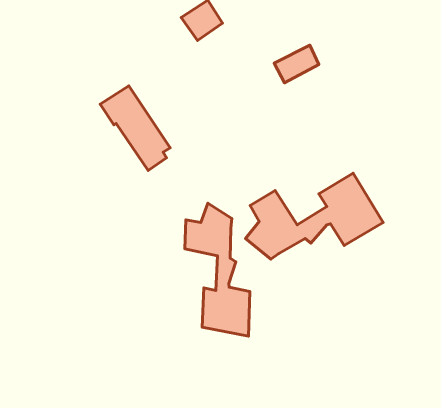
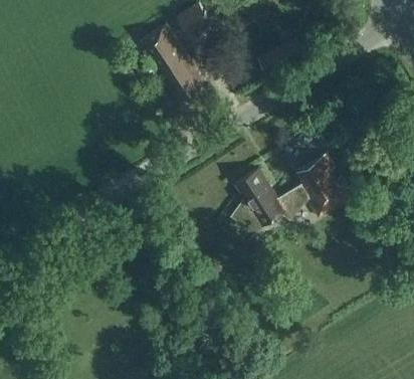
building: [100,86,170,171] -> [142,24,203,99]
building: [185,203,250,336] -> none

